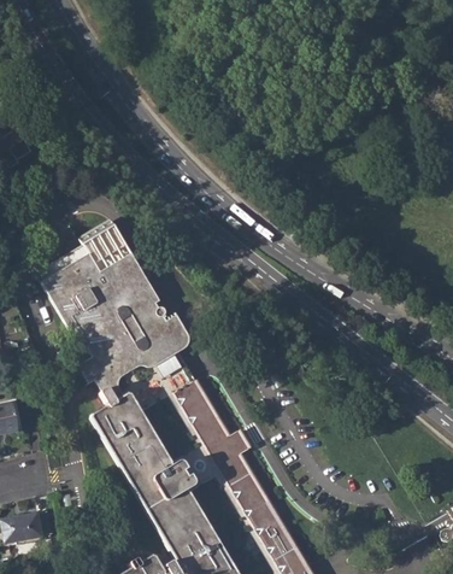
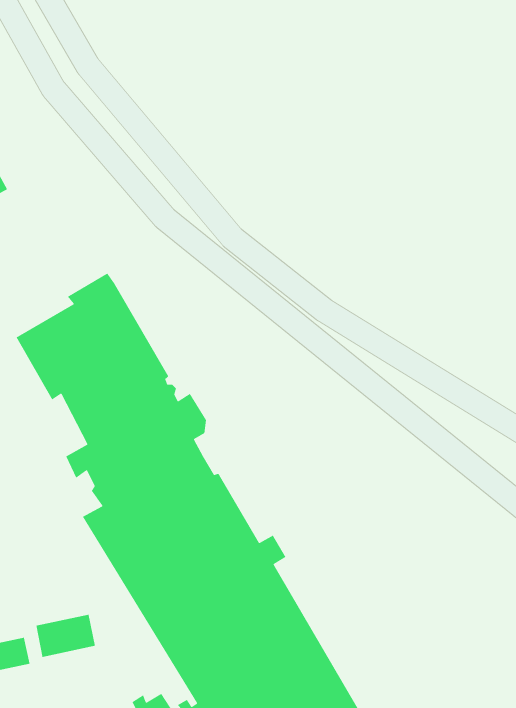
building: none -> [35,614,96,658]

